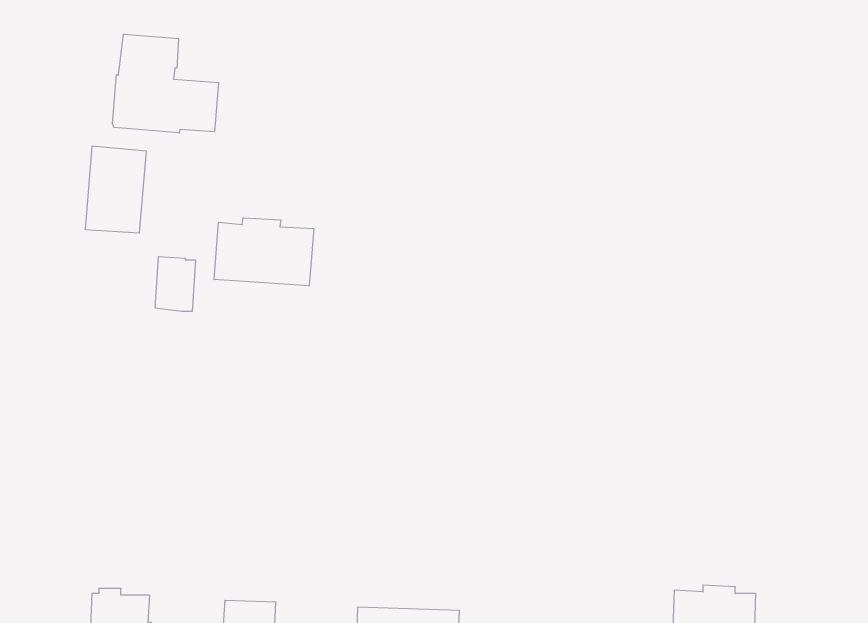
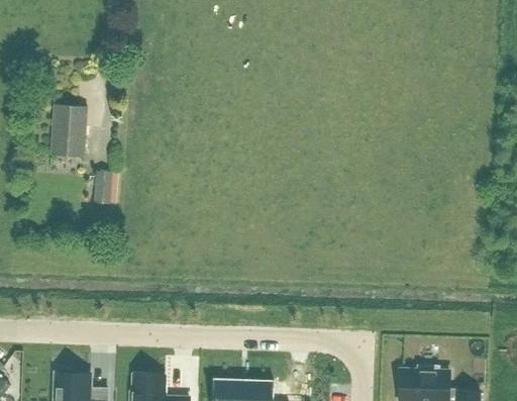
building: [112,34,218,133] -> none
building: [214,218,314,286] -> none

